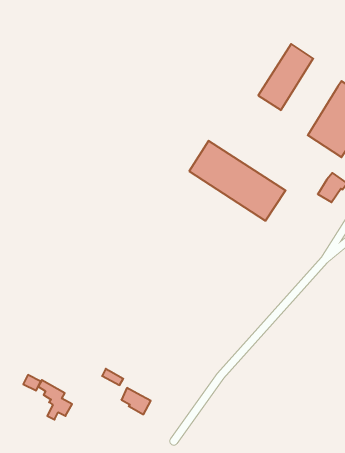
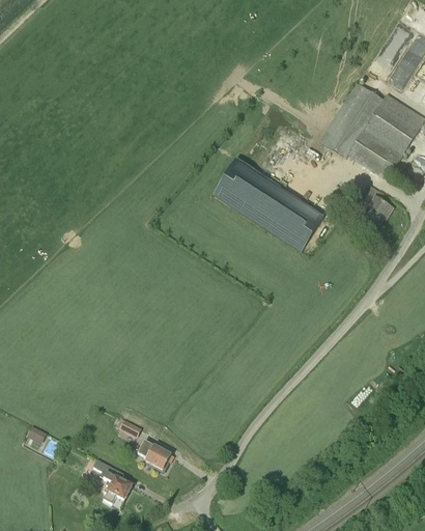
building: [258,44,313,110] -> [320,82,383,157]
building: [38,380,72,420] -> [93,457,132,502]

